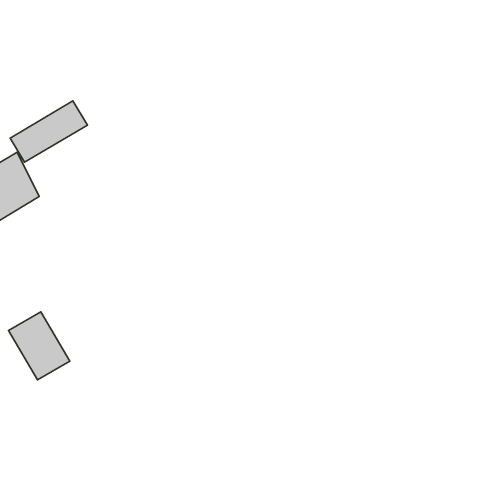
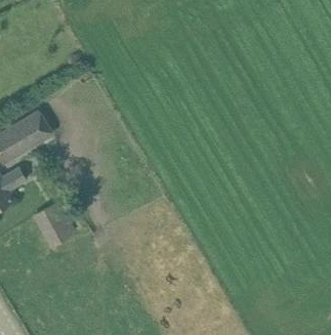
building: [10,101,87,162] -> none

